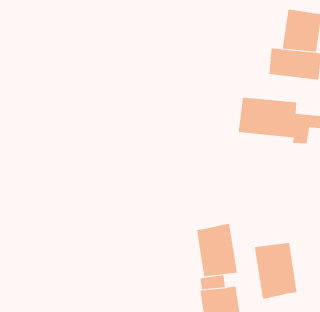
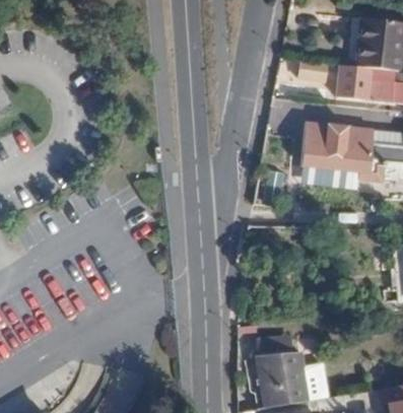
building: [196,223,237,277] -> none
building: [254,242,297,299] -> none

